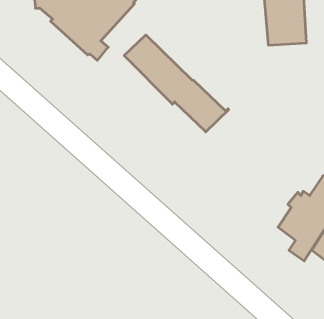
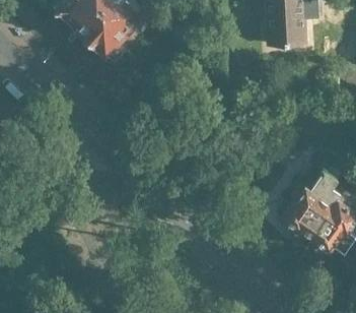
building: [124,35,229,132] -> none

